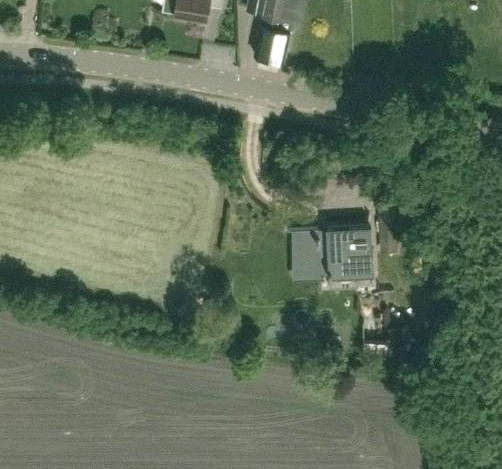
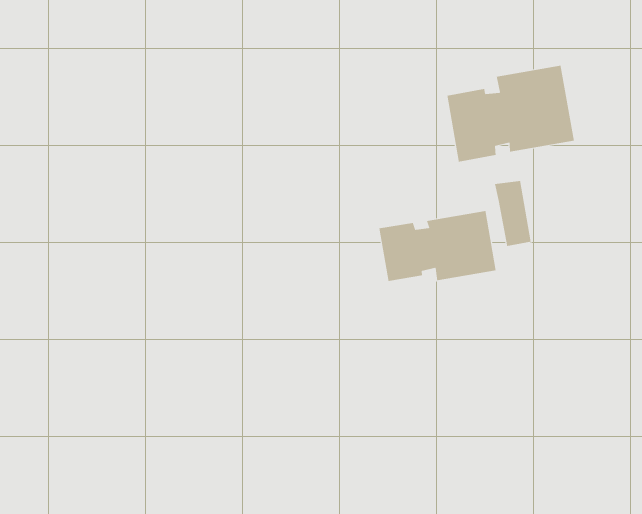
building: none -> [447,65,574,162]

